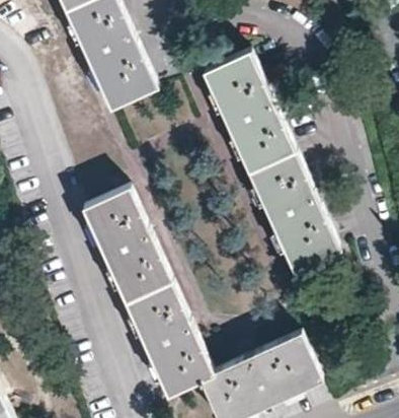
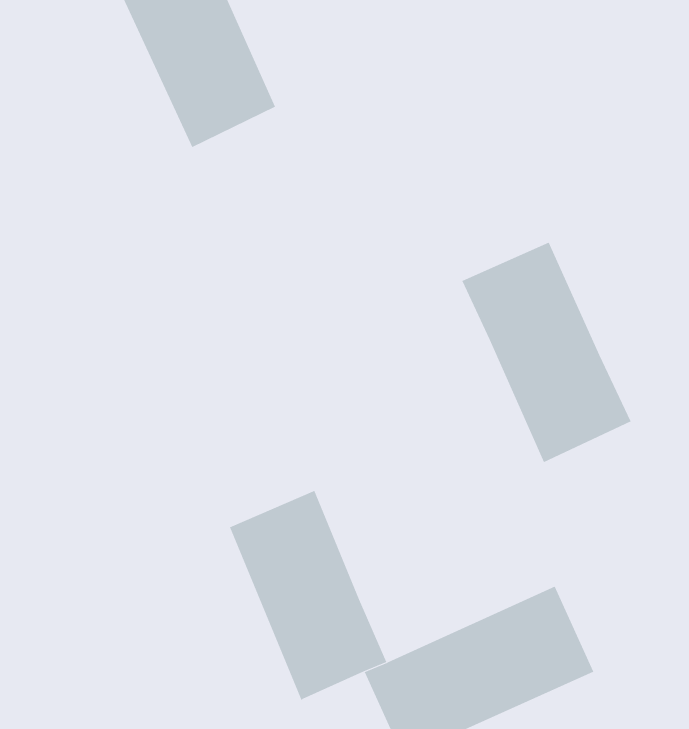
building: [204,55,296,178] -> none
building: [88,189,174,305] -> none

